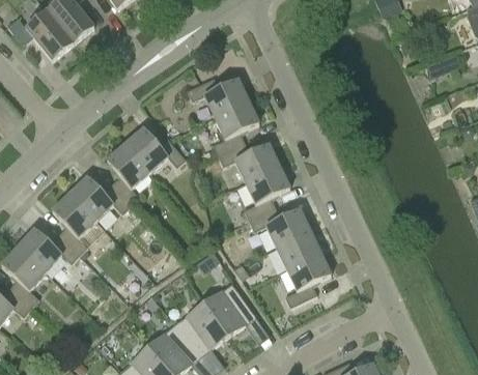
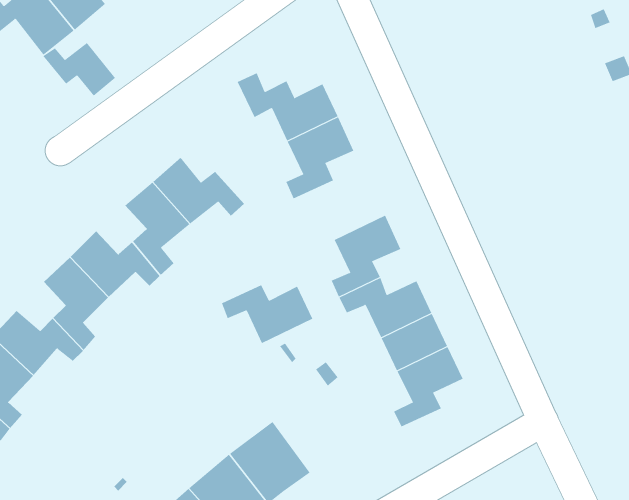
building: none -> [43,42,116,96]
building: [218,143,279,182] -> [221,284,313,344]
building: [204,283,256,337] -> none

